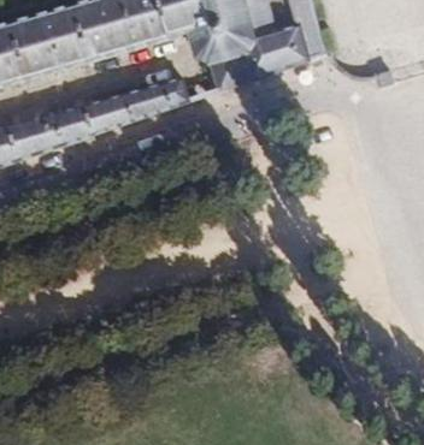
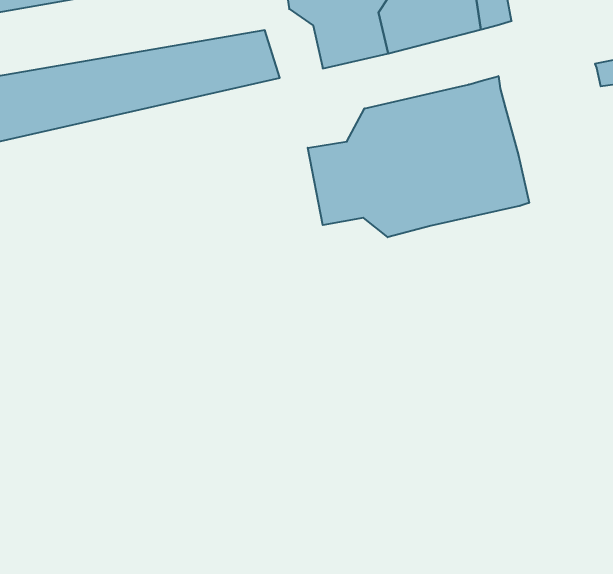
building: none -> [308,76,529,237]

